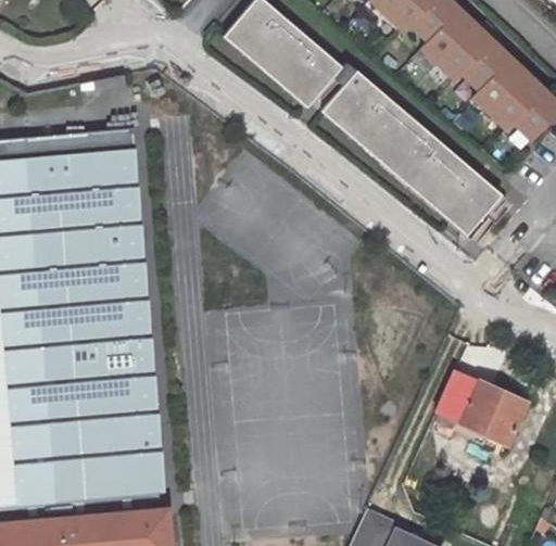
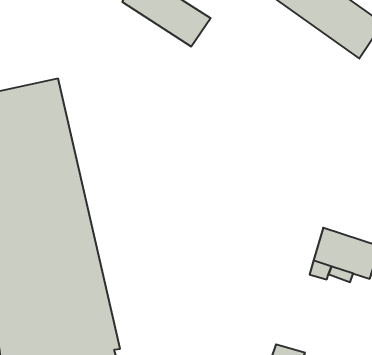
building: [329,78,506,234] -> none

